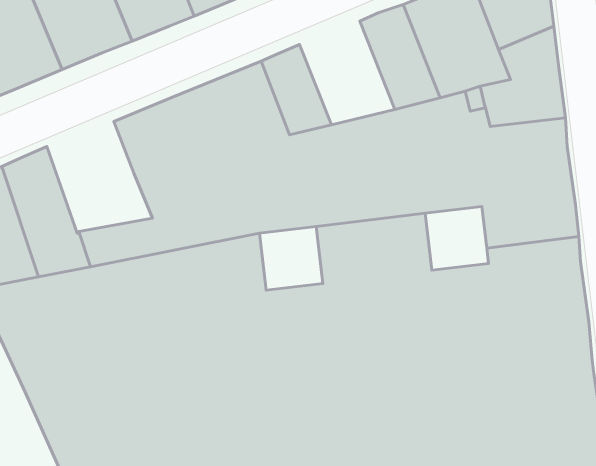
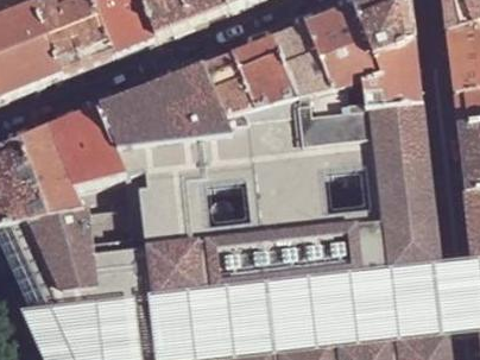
building: none -> [234,39,302,113]
building: none -> [55,110,130,190]

